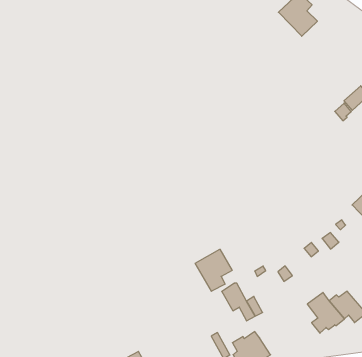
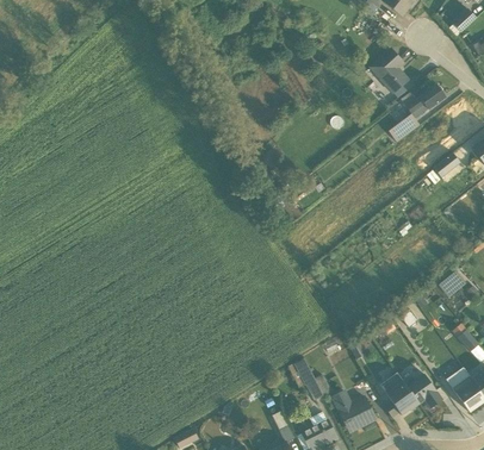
building: none -> [387,82,445,140]
building: [195,249,232,291] -> none
building: none -> [330,388,374,431]

